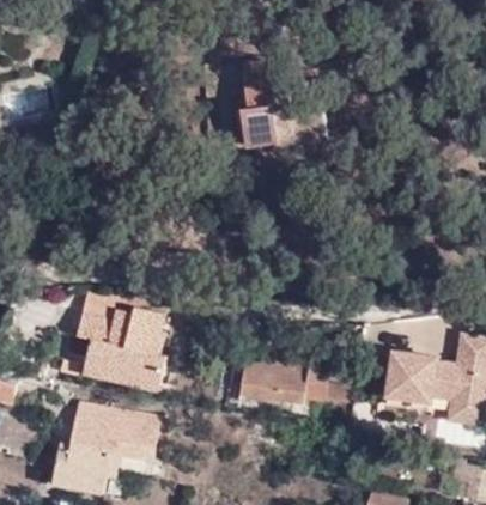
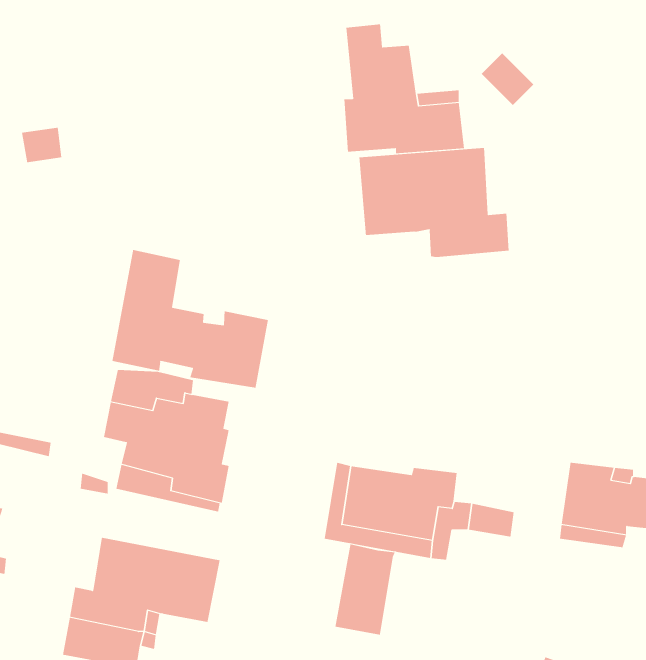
building: none -> [359,147,509,258]
building: none -> [112,249,268,388]
building: none -> [335,544,396,635]

